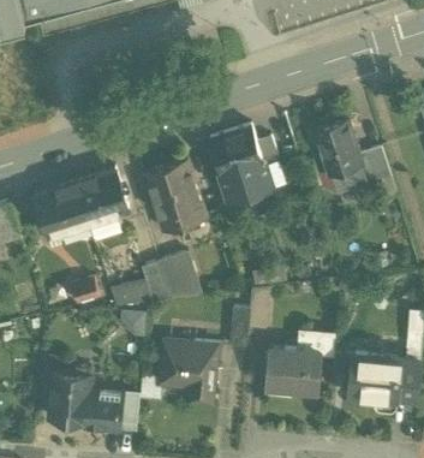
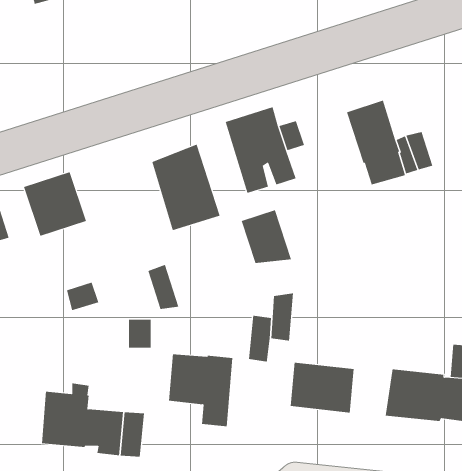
building: [72,167,126,224] -> none
building: [155,251,199,298] -> [241,210,292,264]
building: [108,281,150,305] -> none

